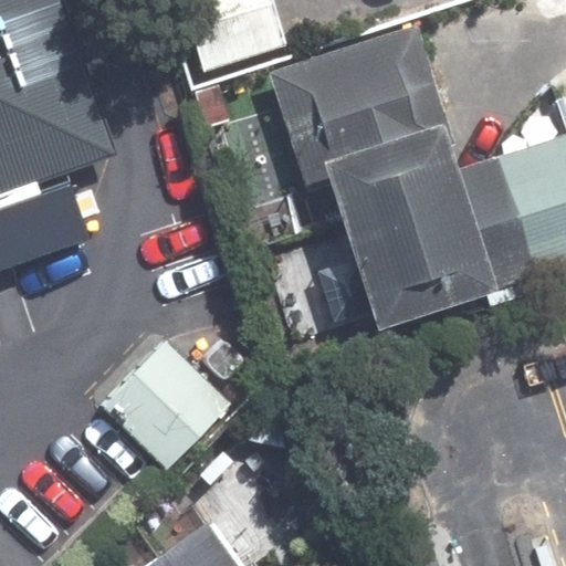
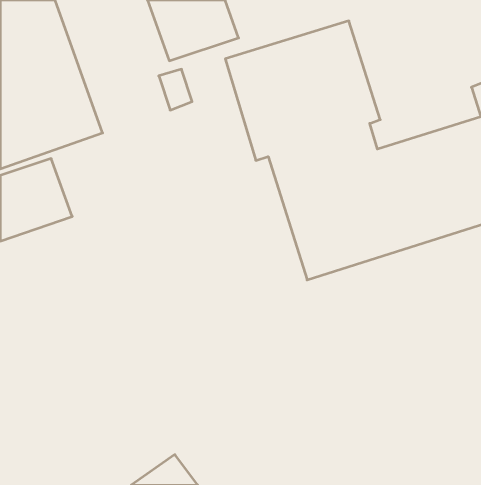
building: [103,344,226,464] -> none

